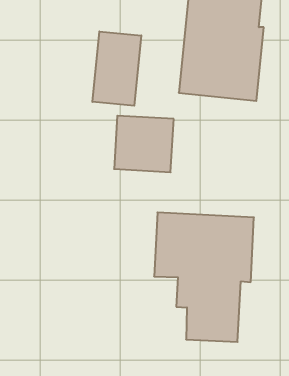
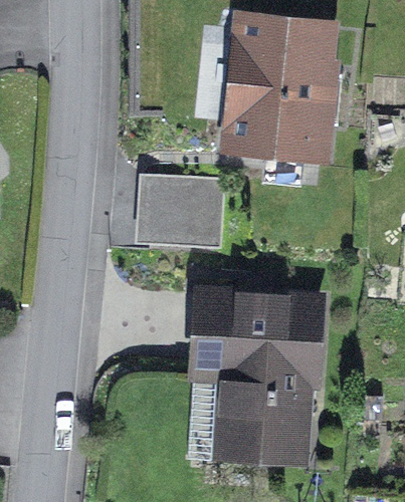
building: [92,31,141,106] -> none

